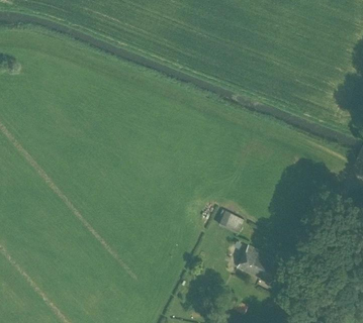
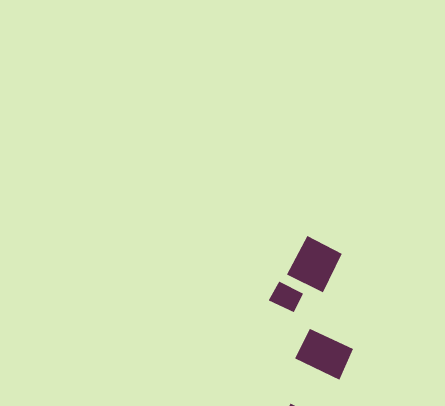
building: none -> [286,235,343,293]

